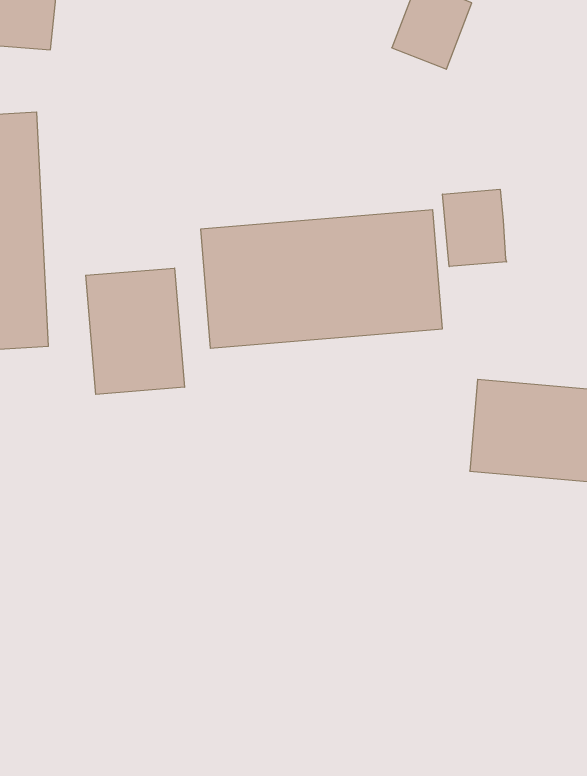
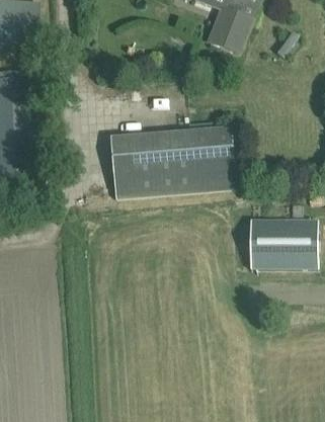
building: [443,189,507,267] -> none
building: [86,268,185,394] -> none

